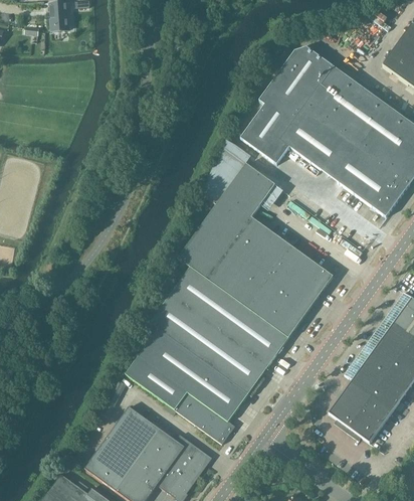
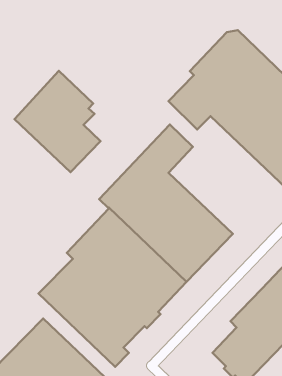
building: none -> [15,71,101,172]

